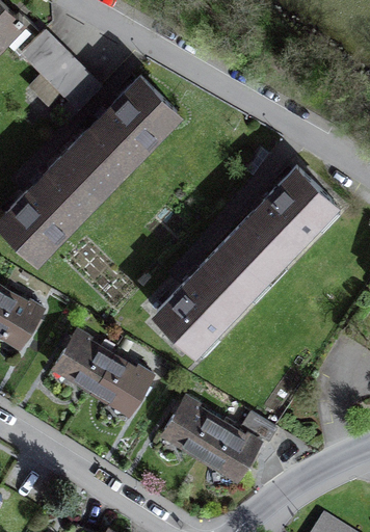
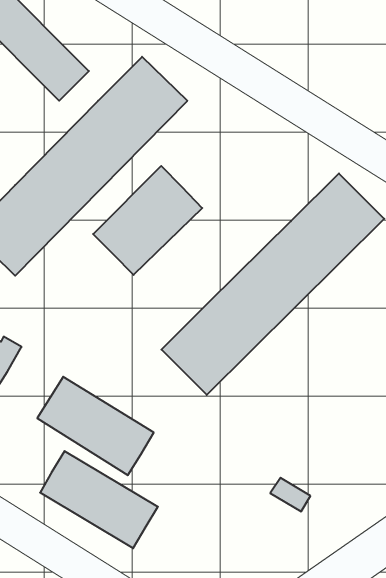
building: none -> [93,166,202,275]
building: [164,403,259,481] -> [40,451,158,548]

